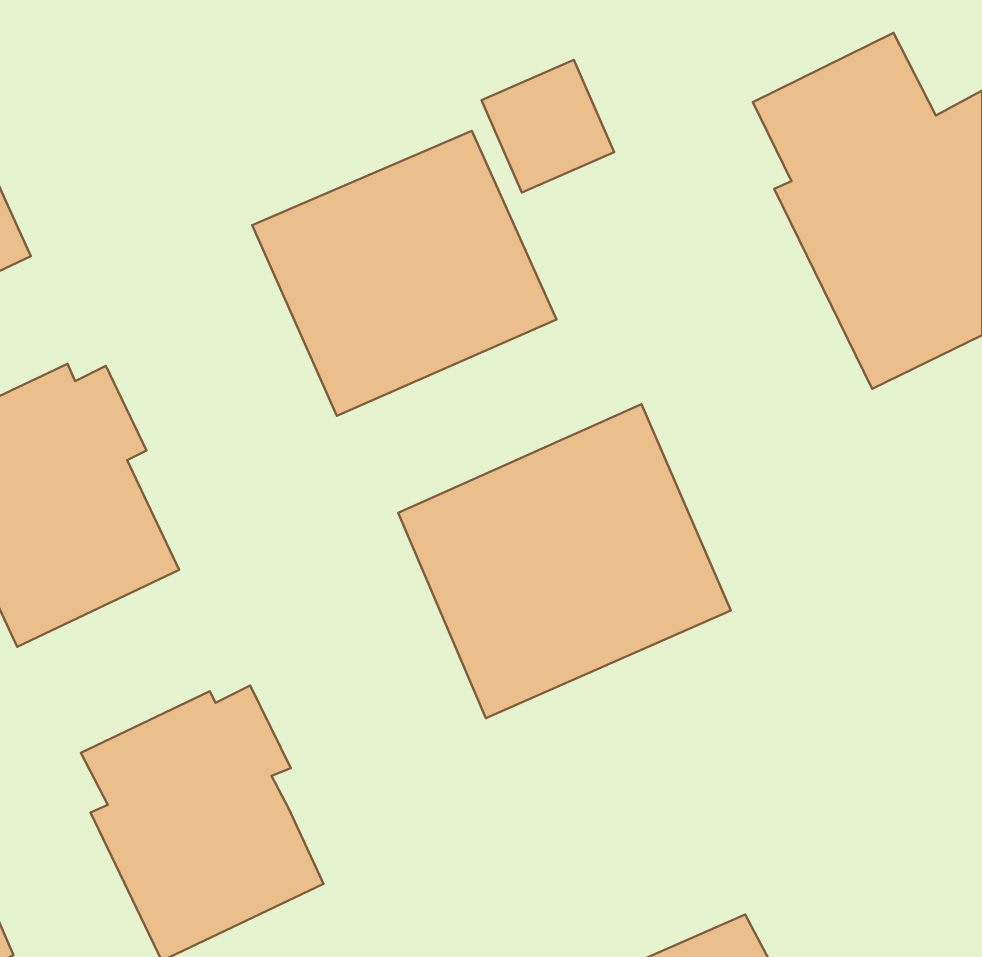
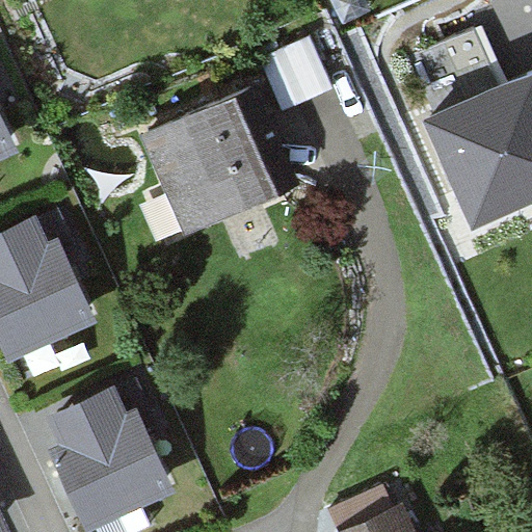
building: [398,404,731,718] -> none

